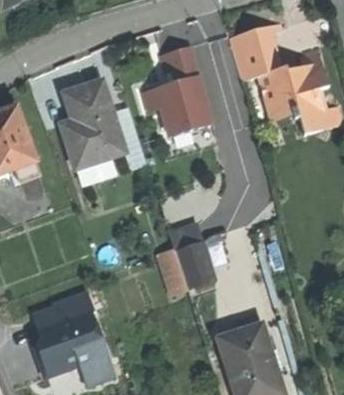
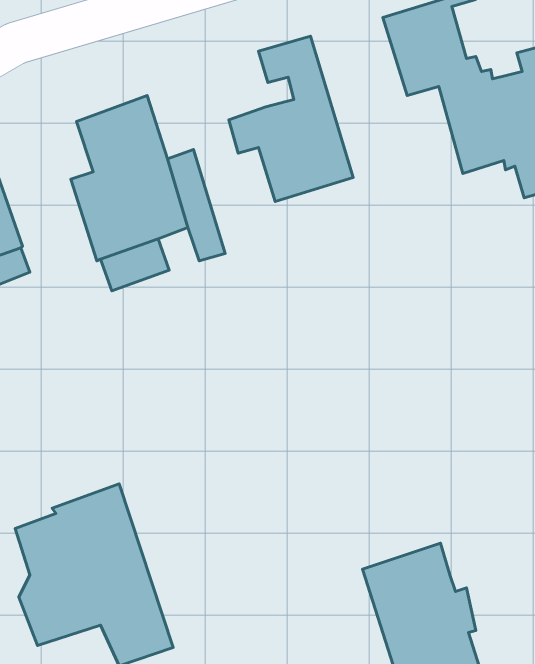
building: [161,238,220,282] -> none

